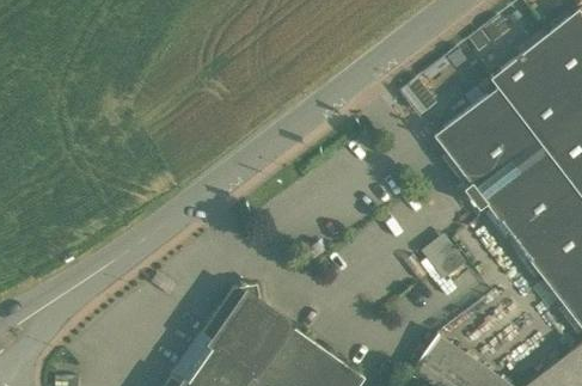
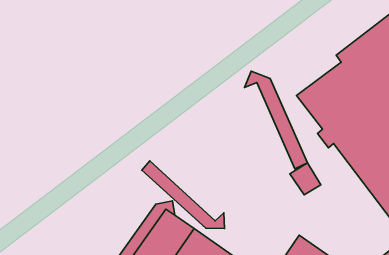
building: none -> [244,71,307,169]
building: none -> [142,161,225,228]

